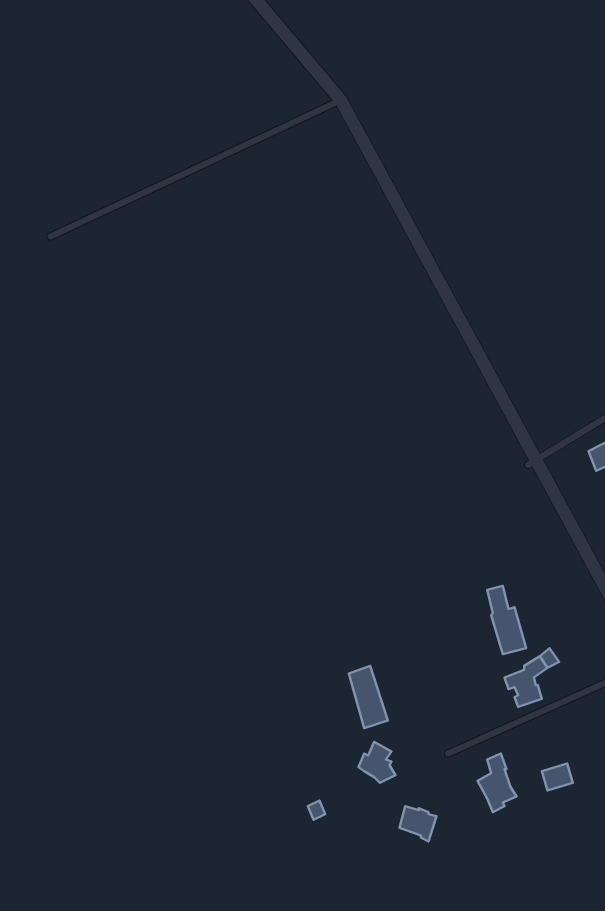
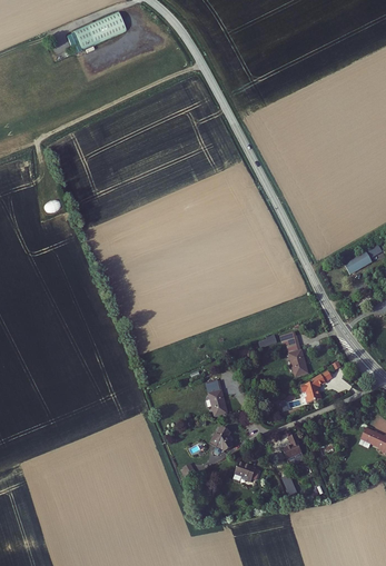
building: none -> [73,10,126,49]

